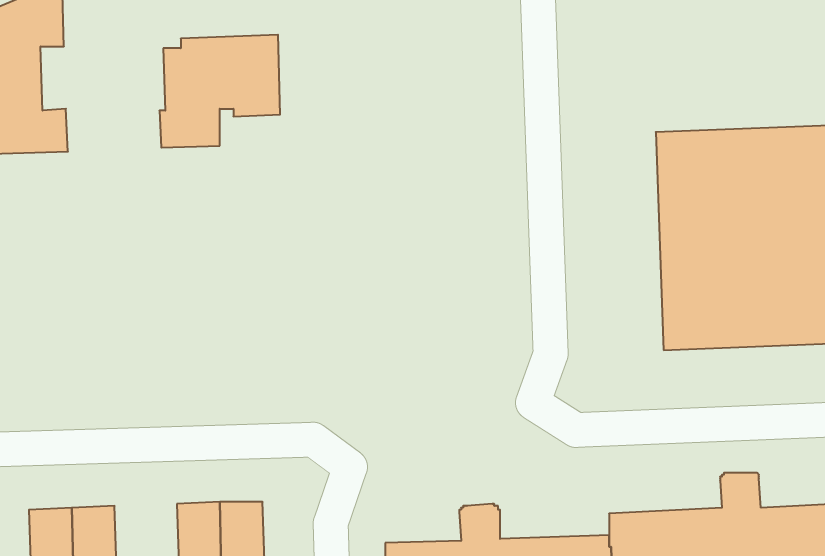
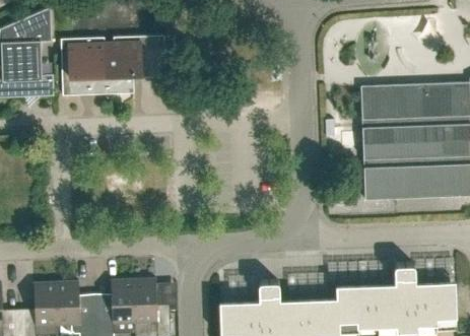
building: none -> [60,37,105,94]

